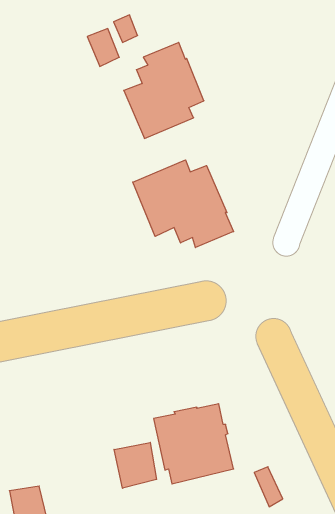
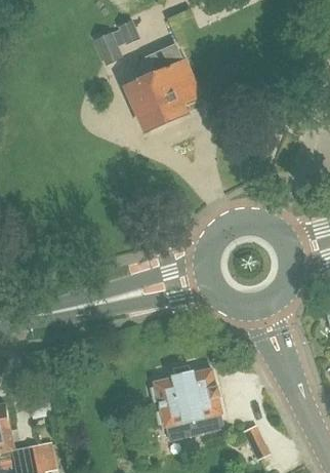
building: [133,160,234,248] -> none
building: [114,442,157,488] -> none

